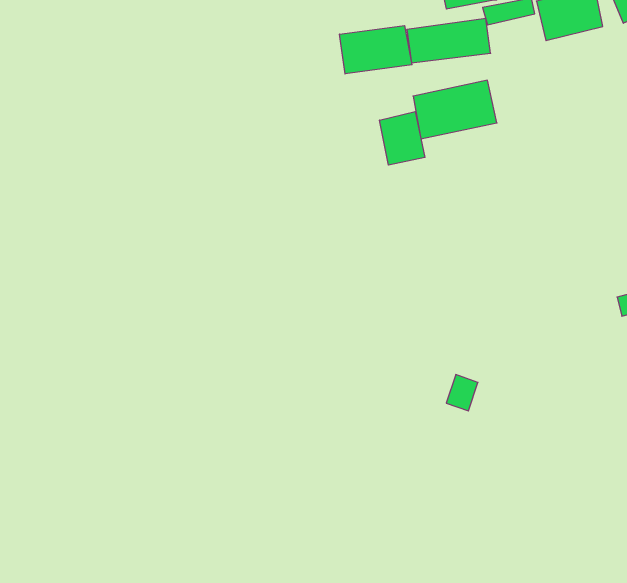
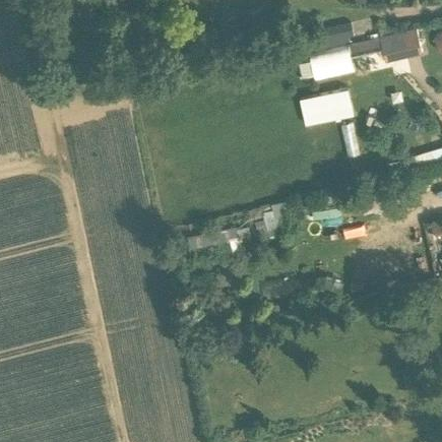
building: [340,26,412,74] -> none
building: [380,111,425,165] -> none

